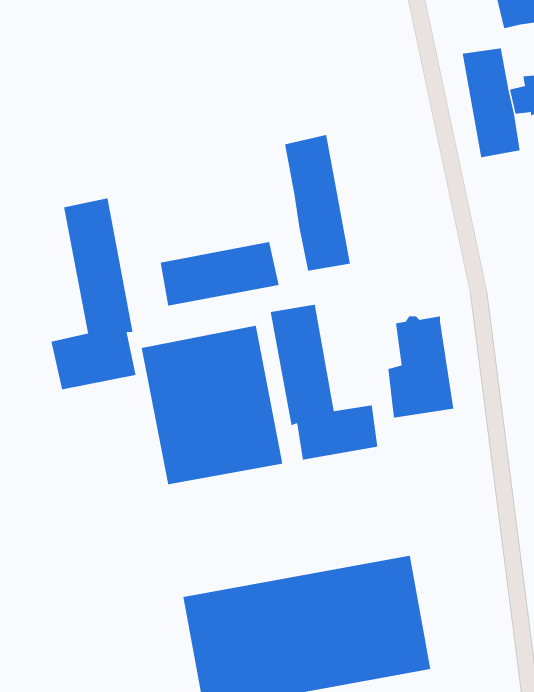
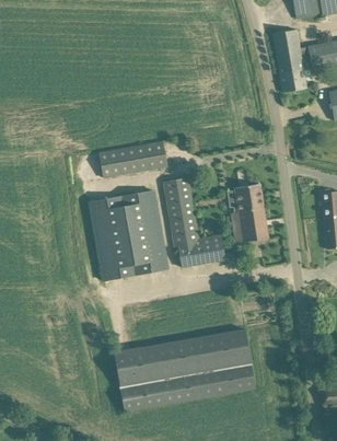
building: [284,134,351,272] -> none
building: [51,198,136,390] -> none

